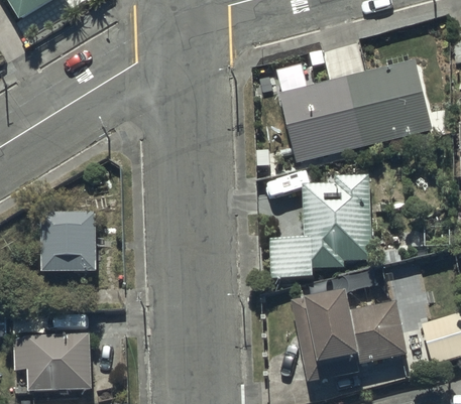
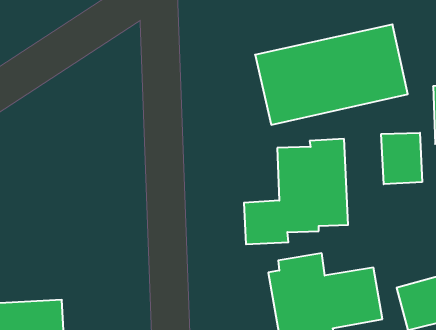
building: none -> [381,133,422,184]
building: [40,215,95,272] -> none

